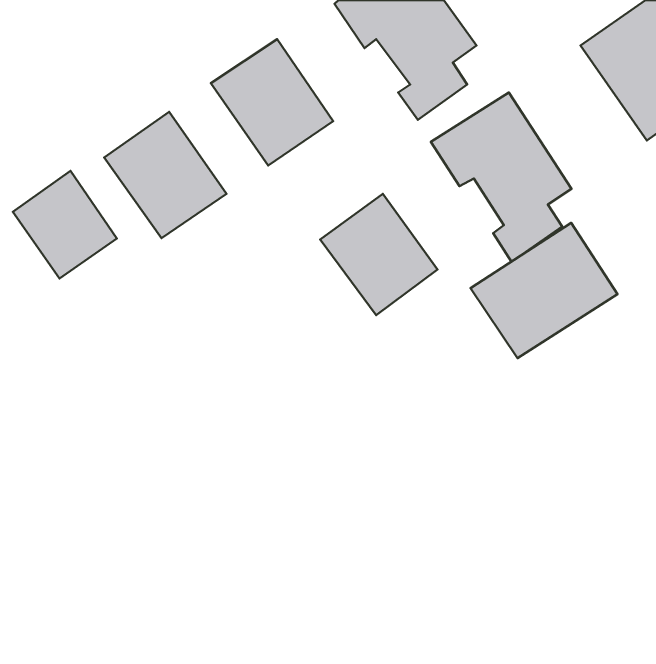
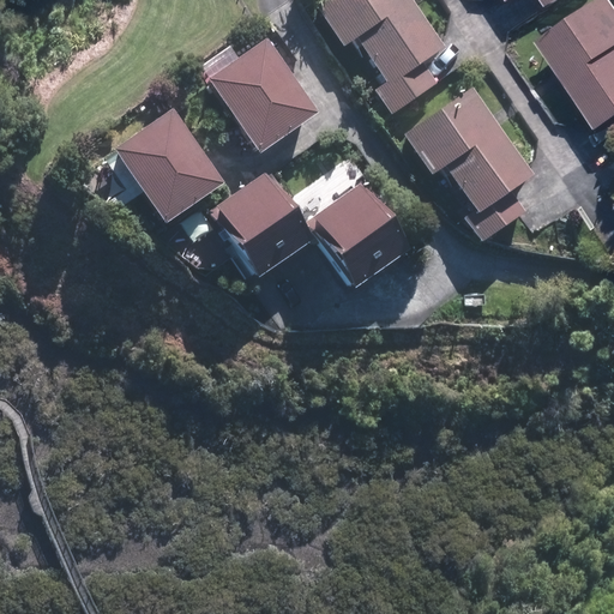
building: [13,171,117,279] -> none
building: none -> [209,170,317,281]
building: [471,223,618,358] -> none

